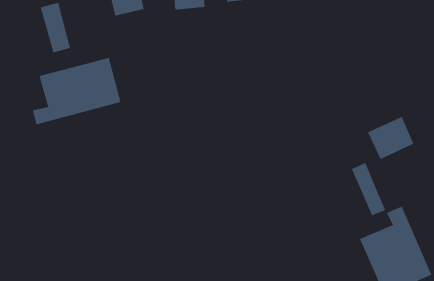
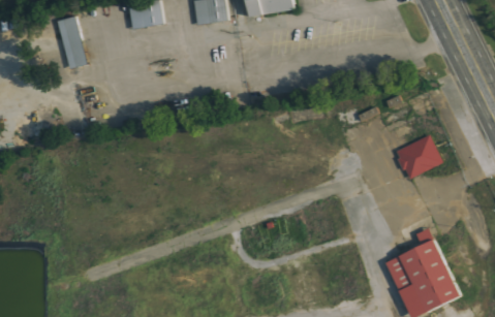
building: [32,57,121,125] -> none
building: [351,162,386,216] -> none

